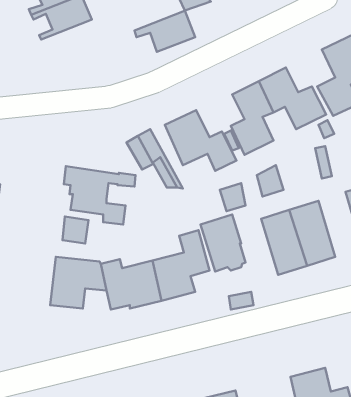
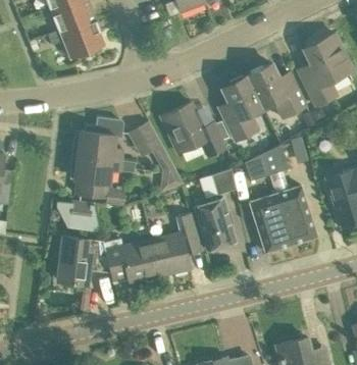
building: [134,10,195,52] -> [49,20,104,58]
building: none -> [71,117,123,161]
building: none -> [262,144,289,175]

